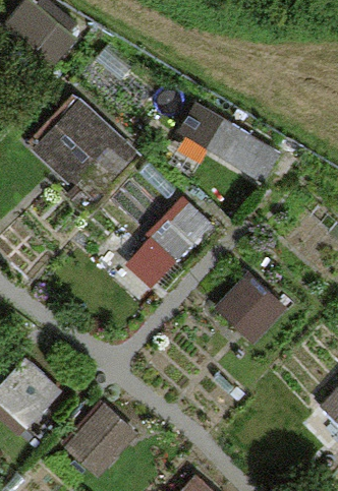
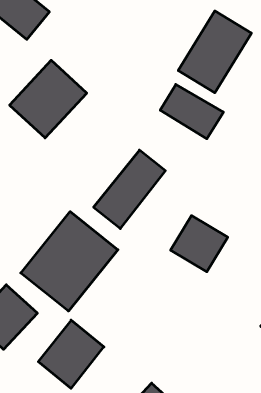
building: none -> [178,11,251,93]
building: none -> [21,212,118,311]

